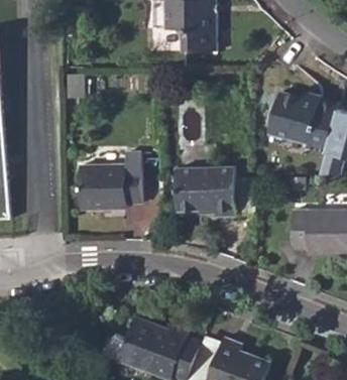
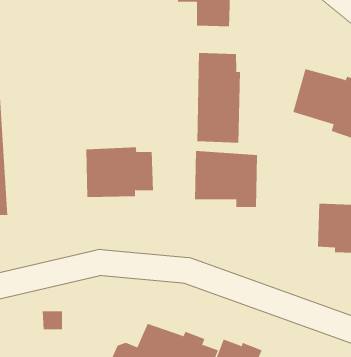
building: none -> [197,52,241,143]

